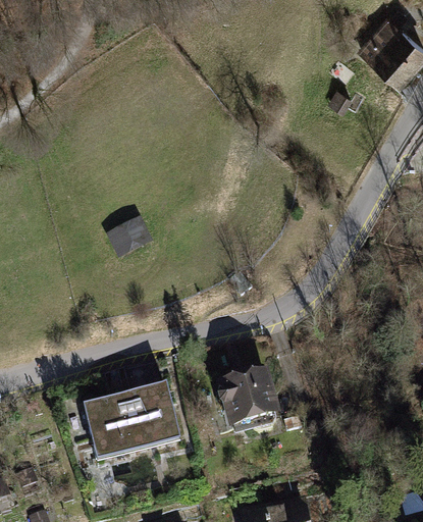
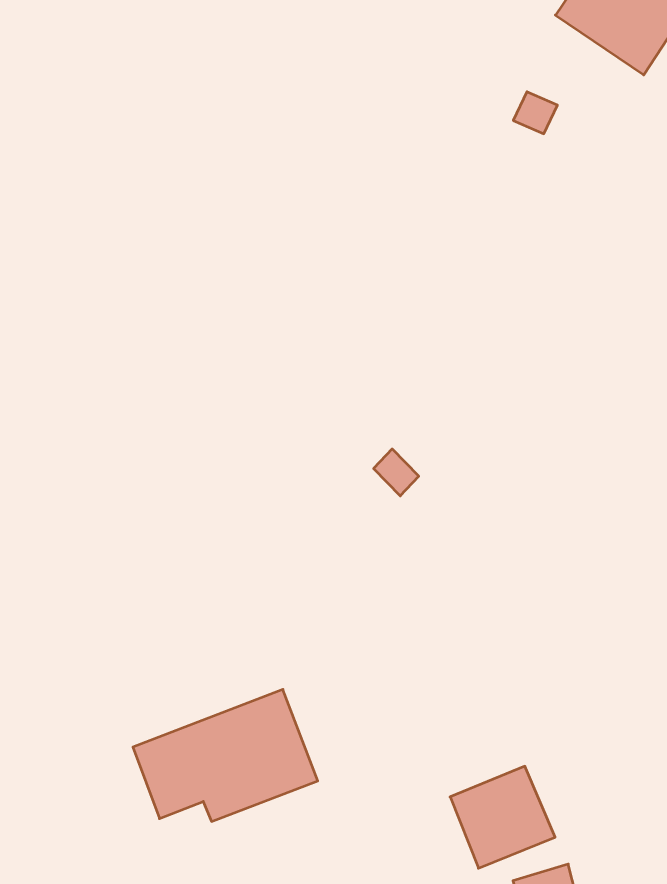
building: [106,213,154,256] -> none
building: [224,374,277,425] -> [450,766,555,868]

